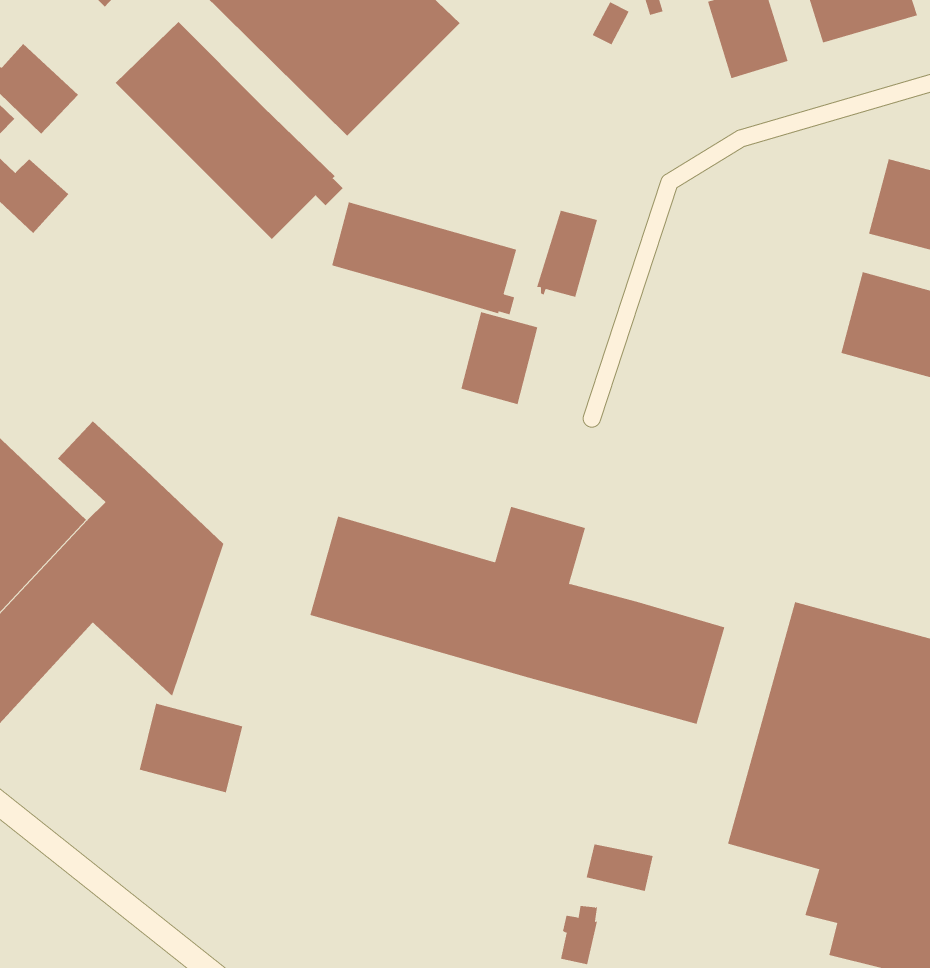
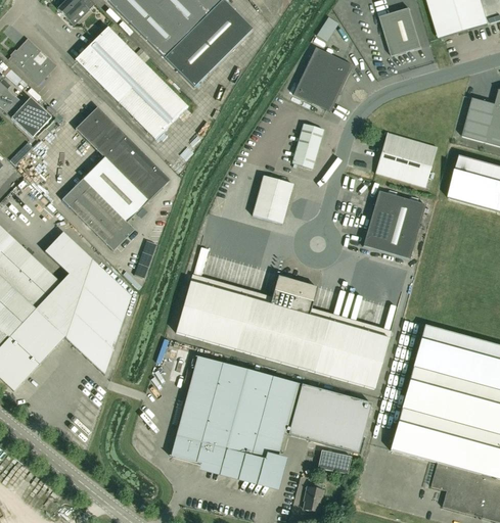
building: none -> [293,47,350,111]
building: none -> [61,106,170,249]
building: [331,202,517,315] -> none
building: none -> [375,132,437,187]
building: none -> [363,191,425,259]
building: none -> [170,356,370,482]
building: [139,703,243,793] -> none

